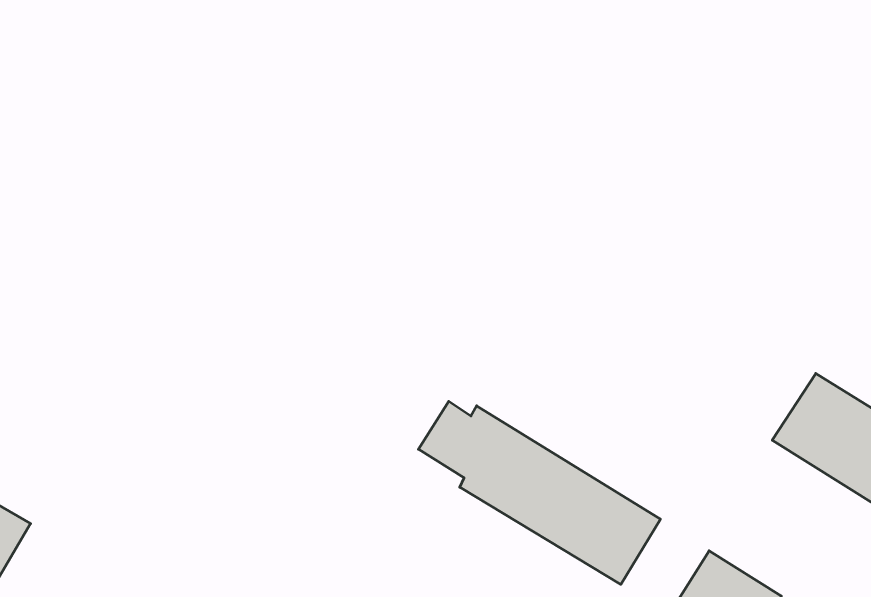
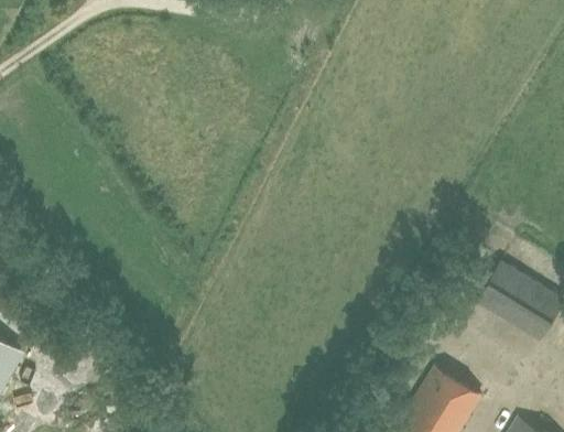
building: [418,401,660,584] -> none

